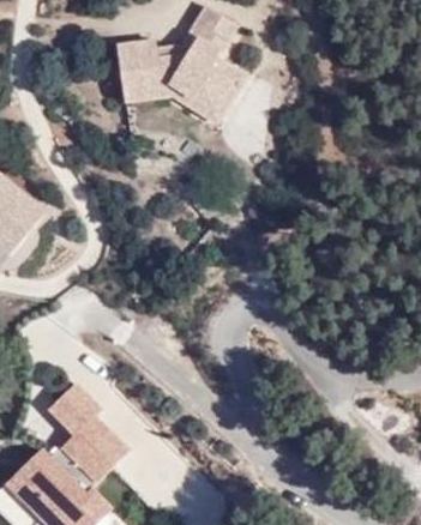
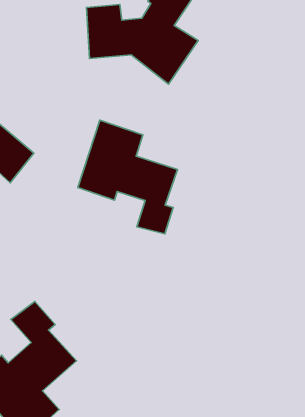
building: none -> [78,120,177,234]

